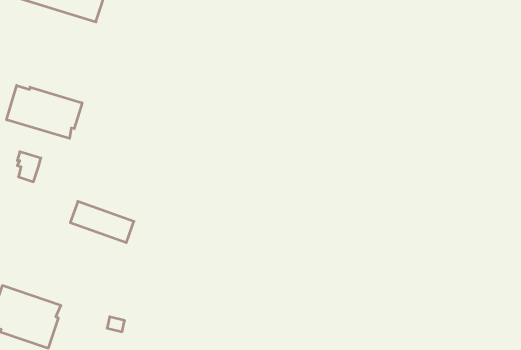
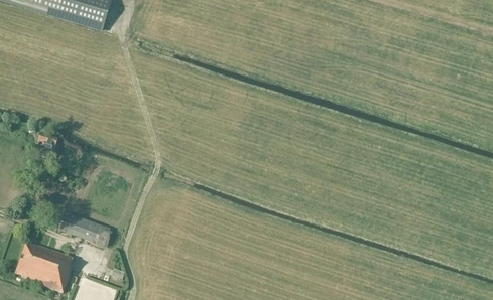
building: [7,85,82,138] -> none
building: [70,201,134,243] -> [58,211,110,245]

